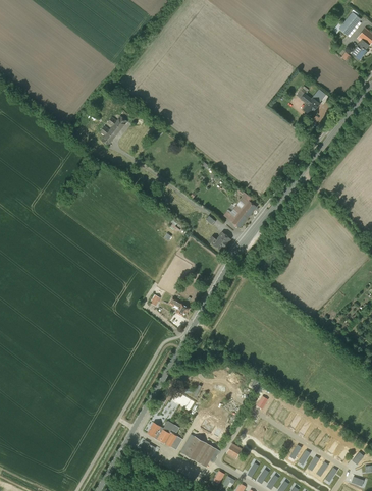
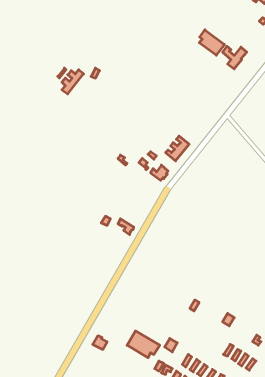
building: none -> [199,30,224,55]
building: [147,421,182,450] -> none

